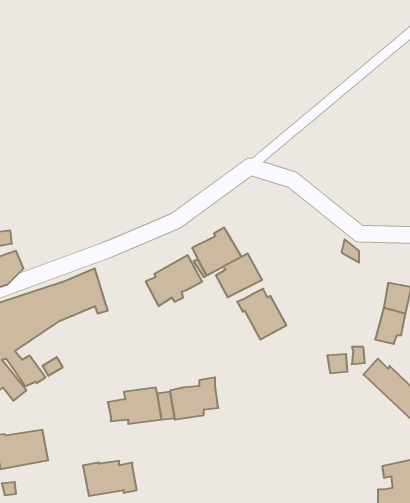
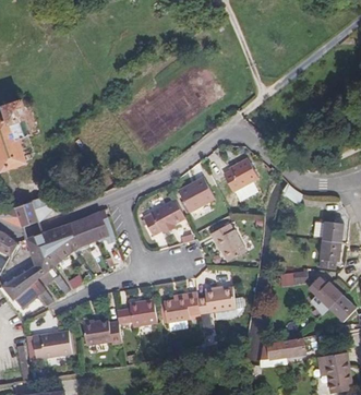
building: [216,254,262,297] -> [222,159,257,192]
building: none -> [195,286,234,332]
building: none -> [267,337,305,358]
building: [83,461,137,496] -> [80,319,120,345]

